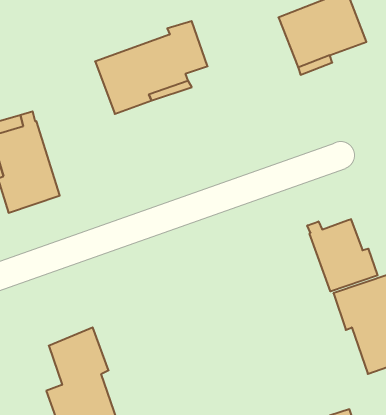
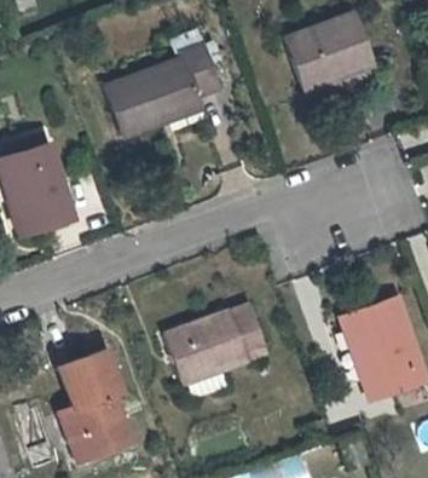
building: [307,219,378,291] -> none
building: none -> [164,304,266,401]

